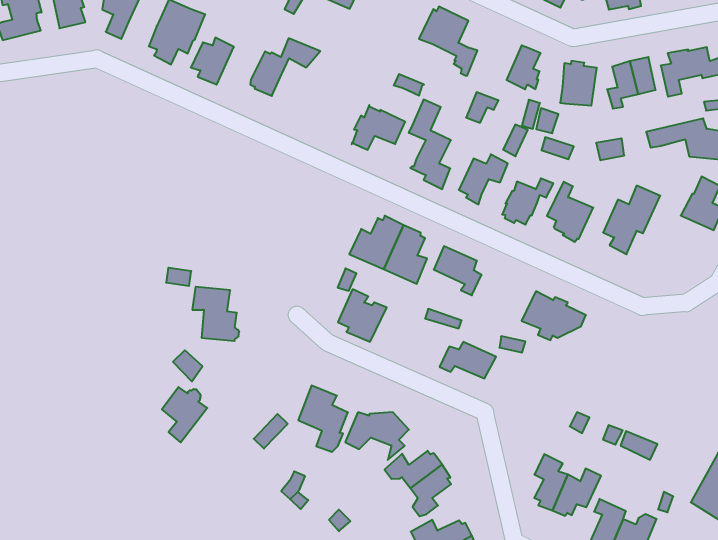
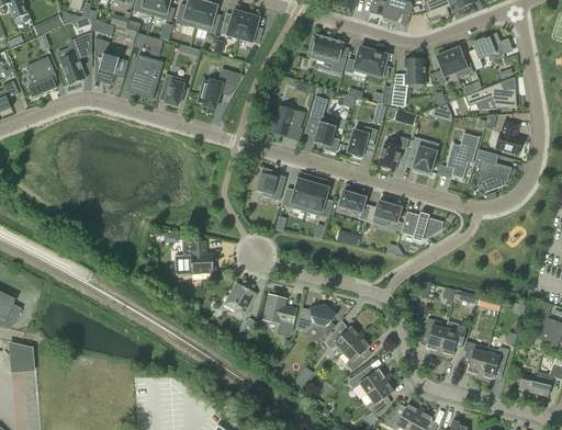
building: none -> [345,46,374,75]
building: none -> [475,148,512,191]
building: [338,289,387,342] -> [256,167,286,200]
building: [440,342,496,378] -> [366,201,402,223]
building: [162,387,207,442] -> [227,282,257,318]

